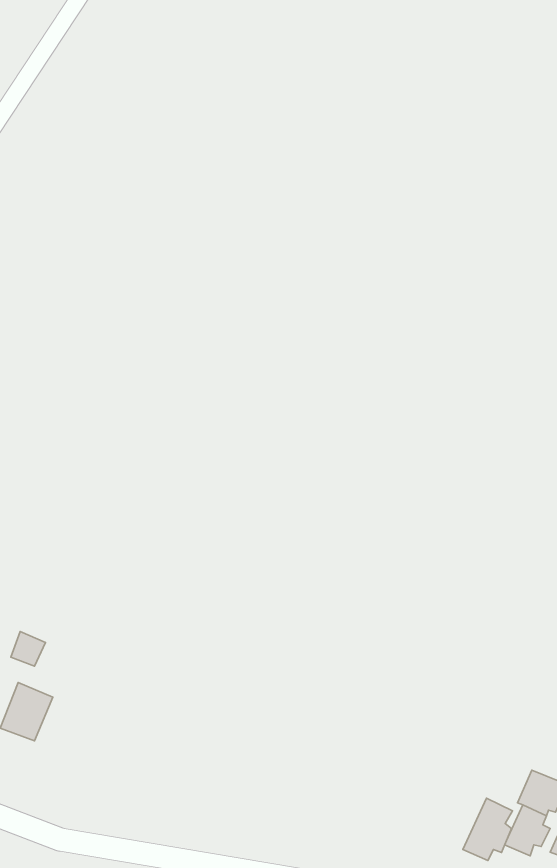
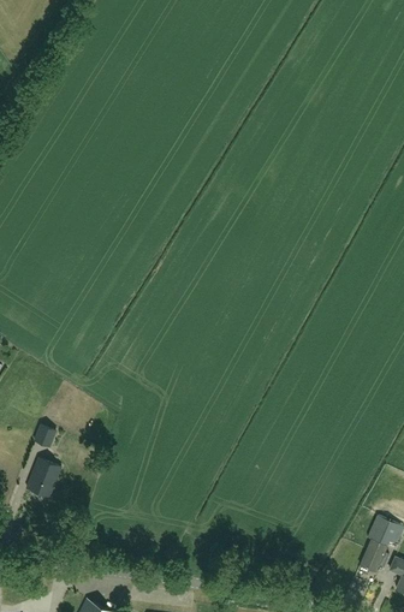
building: [463,798,512,861] -> none

